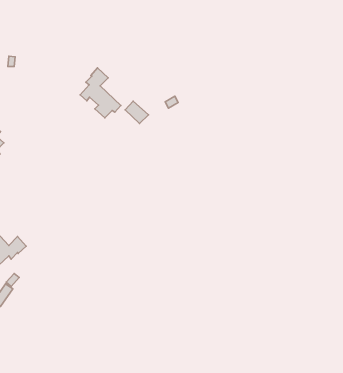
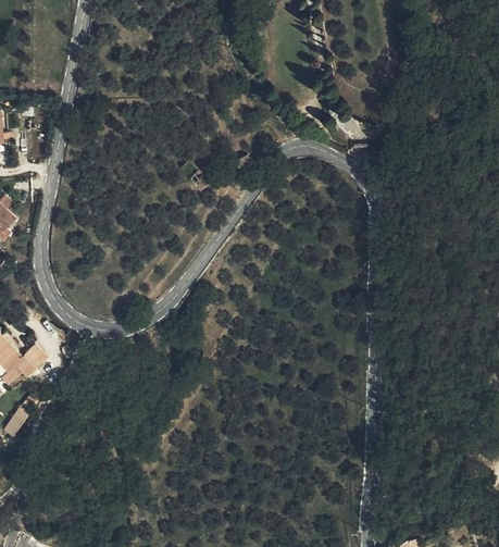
building: [80,68,121,118] -> none

